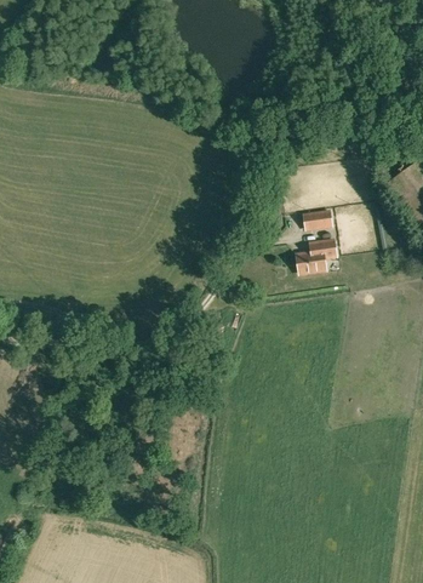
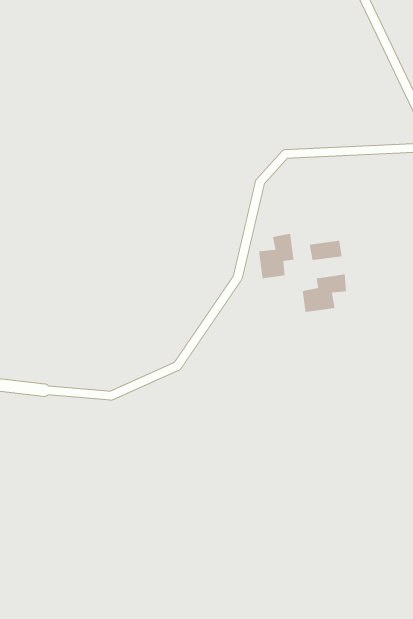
building: none -> [258,233,294,279]

